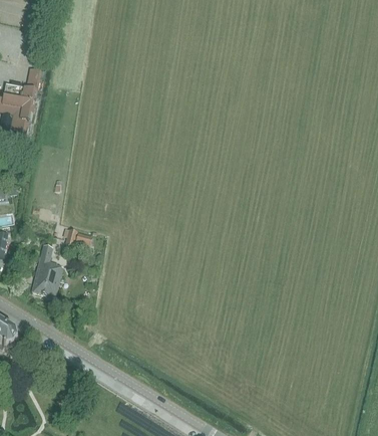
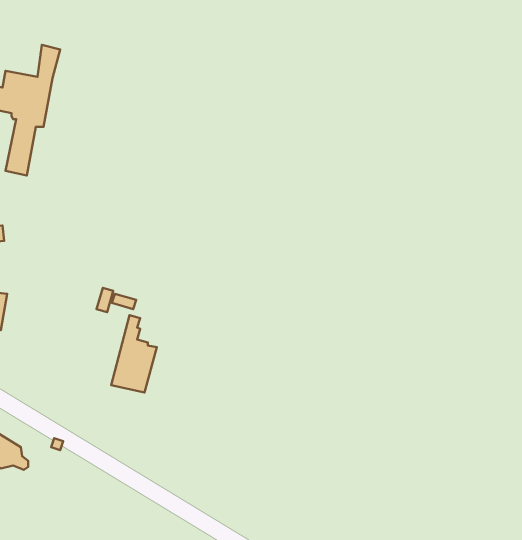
building: [30,245,60,296] -> [111,315,157,393]

